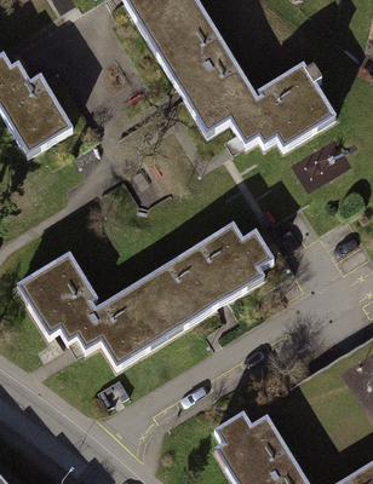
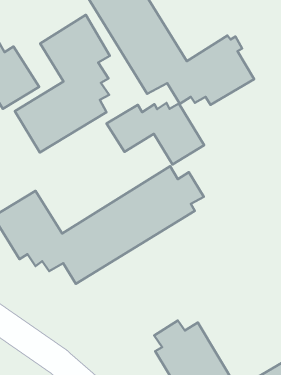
building: none -> [15,15,110,152]
building: none -> [107,103,204,165]

